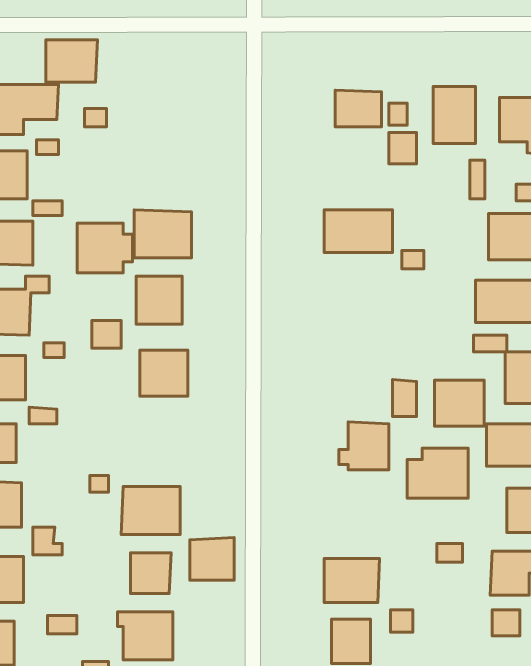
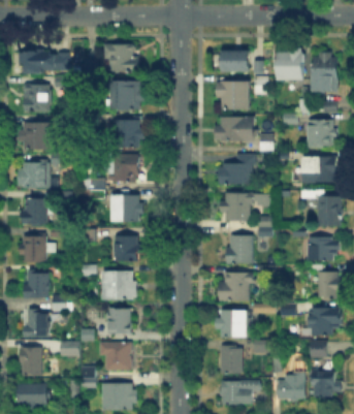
building: [46,40,97,82] -> [106,45,135,69]
building: none -> [218,83,249,109]
building: [77,223,132,273] -> [112,82,143,109]
building: none -> [221,155,255,186]
building: [434,380,484,426] -> [224,194,252,220]
building: none -> [116,237,141,260]
building: [407,448,468,498] -> [218,275,252,302]
building: [190,538,234,580] -> none

